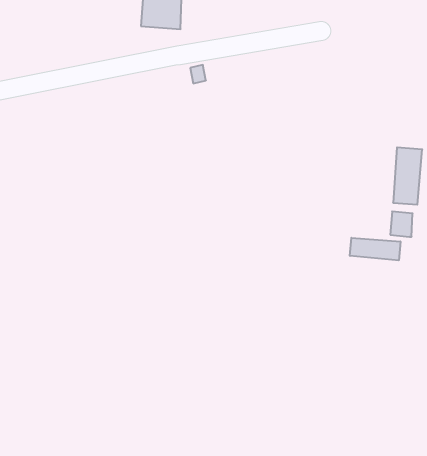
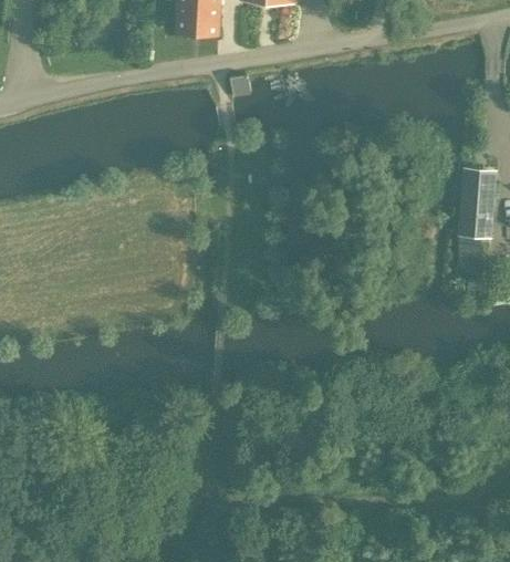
building: [350,238,400,260] -> none

